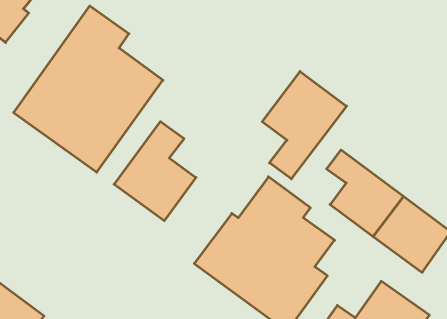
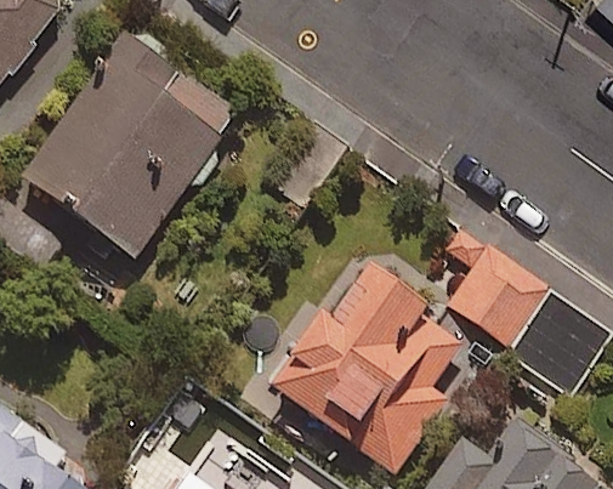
building: [262,71,347,179] -> none
building: [114,122,196,221] -> none

